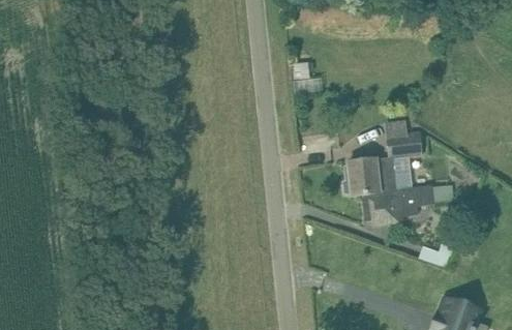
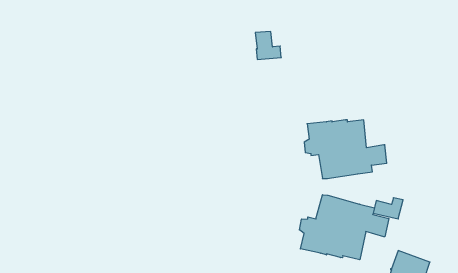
building: [387,129,422,158] -> none
building: none -> [299,195,389,260]

